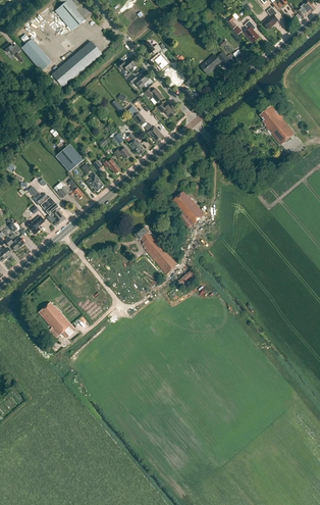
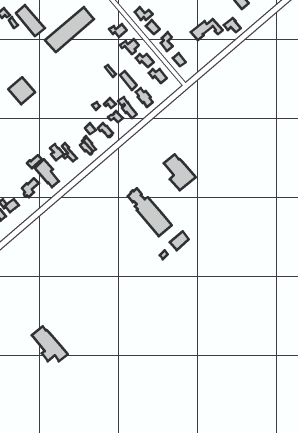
building: [260,105,295,144] -> none
building: [55,144,83,171] -> [8,77,35,104]
building: [39,302,75,338] -> [32,326,68,361]

